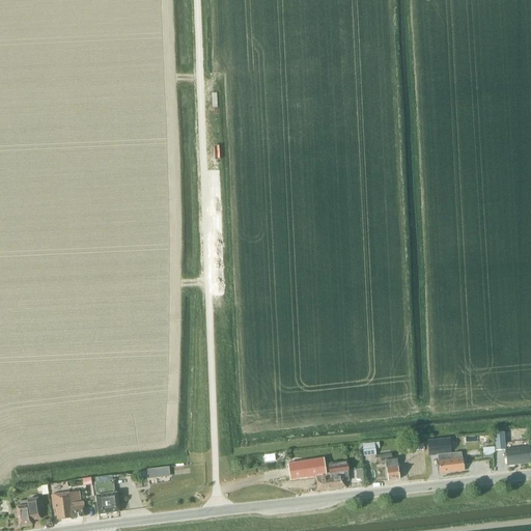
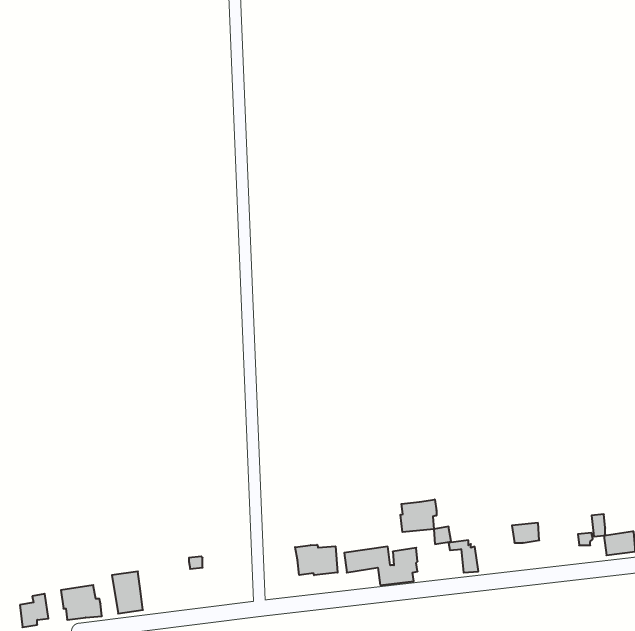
building: none -> [400,499,436,532]
building: [437,450,464,472] -> none
building: none -> [295,545,338,575]

